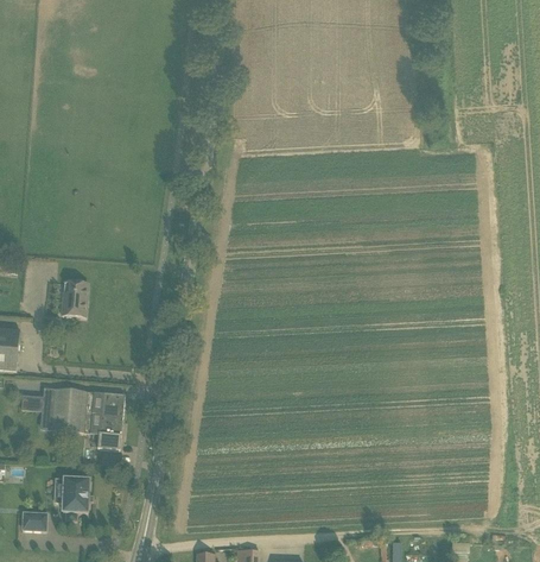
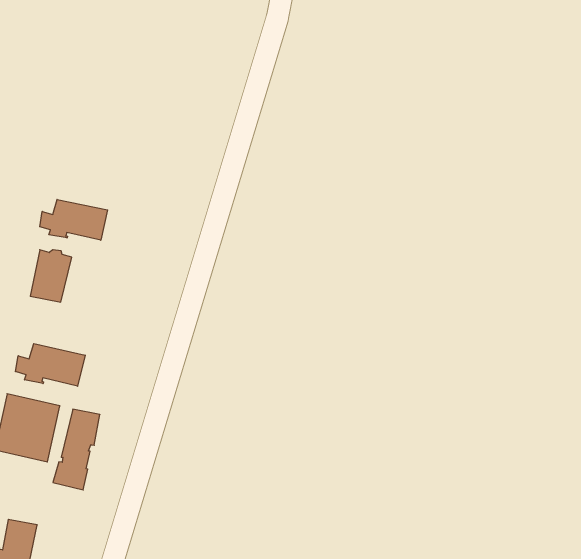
building: none -> [40,199,108,240]
building: none -> [15,344,85,386]

